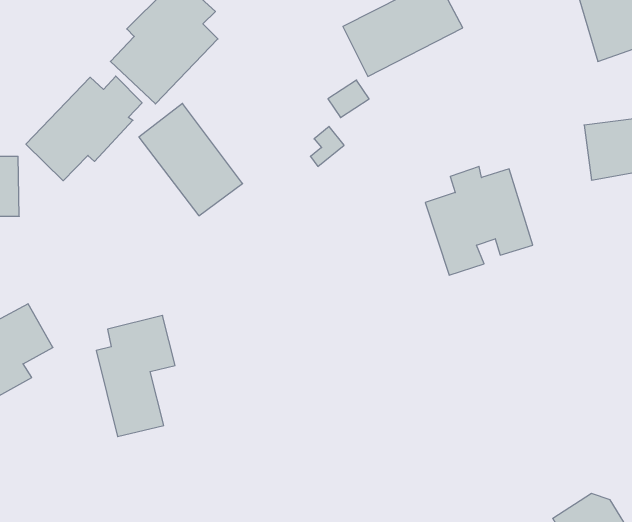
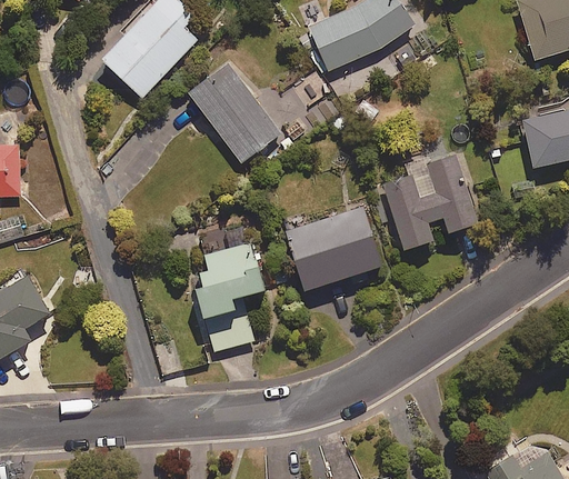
building: [26,76,142,181] -> none
building: [139,103,243,216] -> [188,62,280,162]
building: none -> [286,208,382,291]
building: [96,315,175,437] -> [193,245,263,352]

